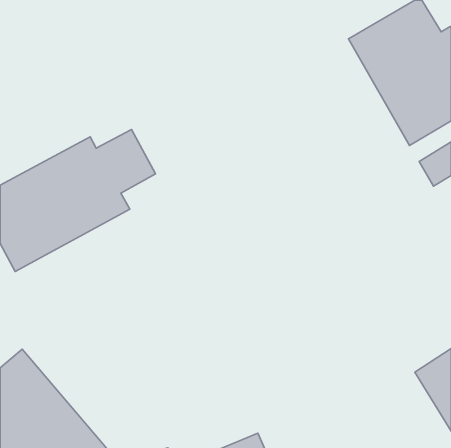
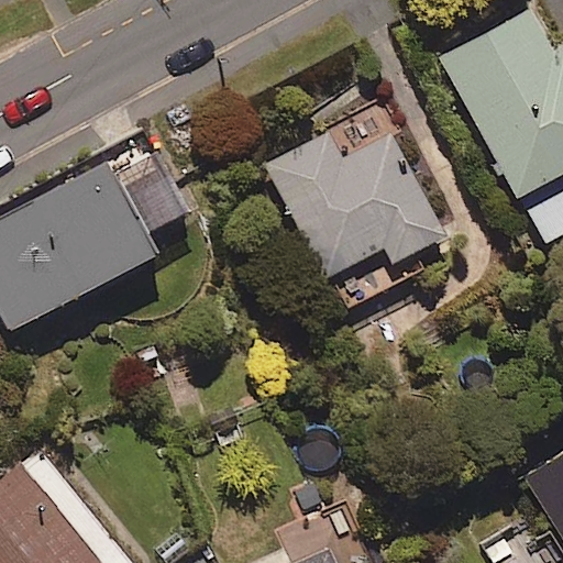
building: none -> [263,104,439,298]

